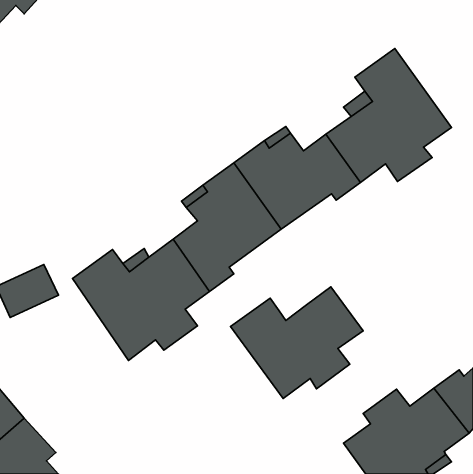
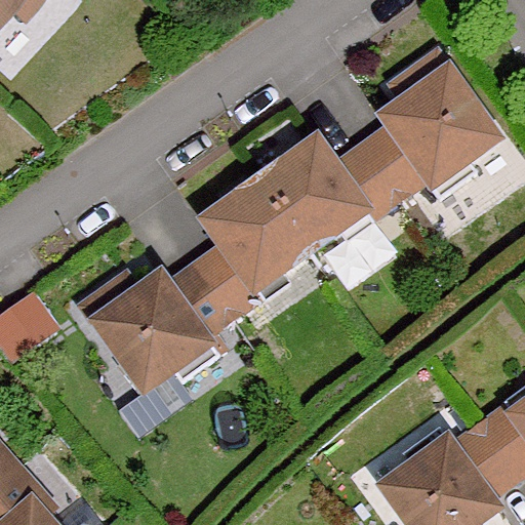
building: [231,287,363,399] -> none

